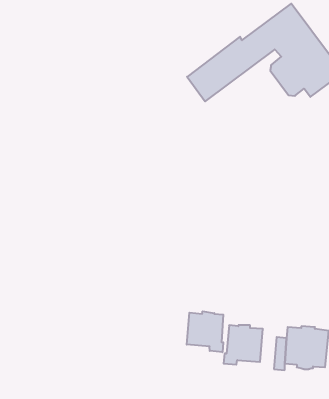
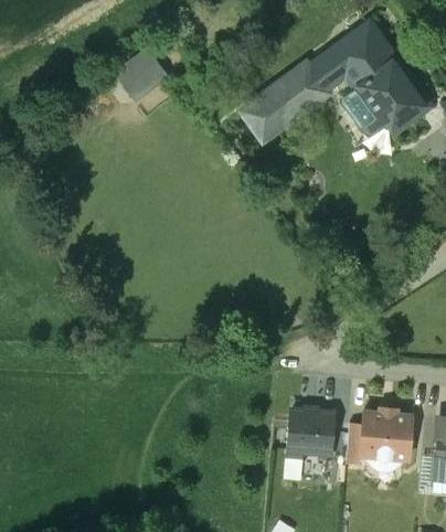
building: none -> [119,55,168,100]
building: [187,311,223,352] -> none

